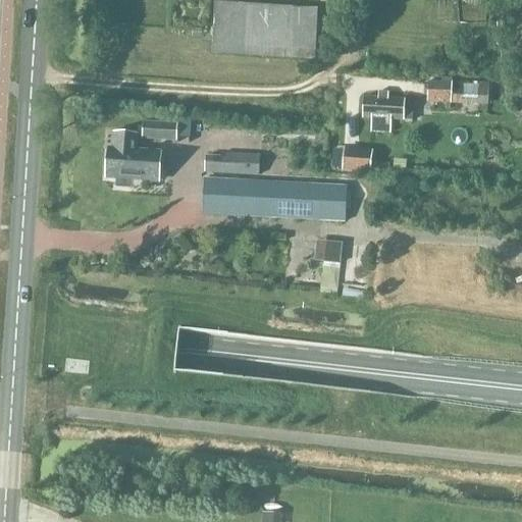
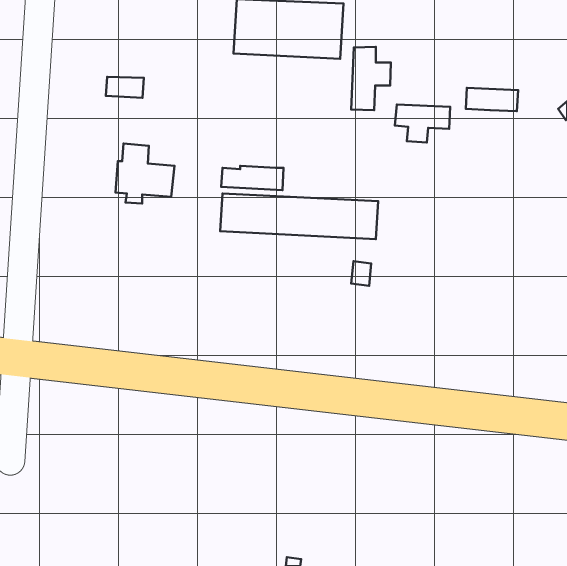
building: none -> [351,47,391,110]
building: [141,121,175,141] -> [106,77,144,98]
building: [345,147,372,170] -> none

